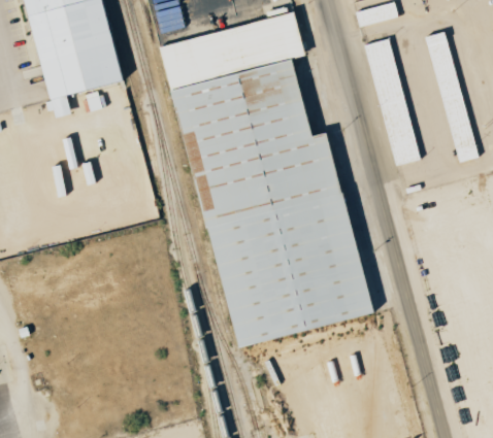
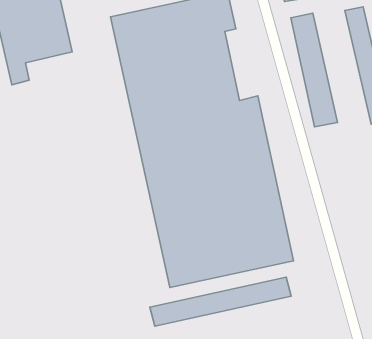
building: none -> [150,277,291,326]

